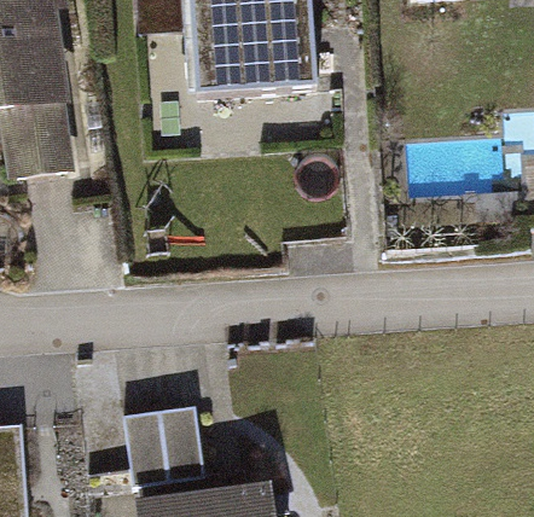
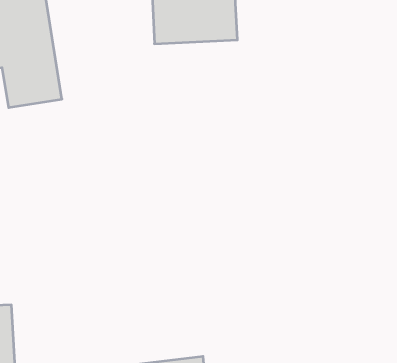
building: [123,407,203,484] -> none

